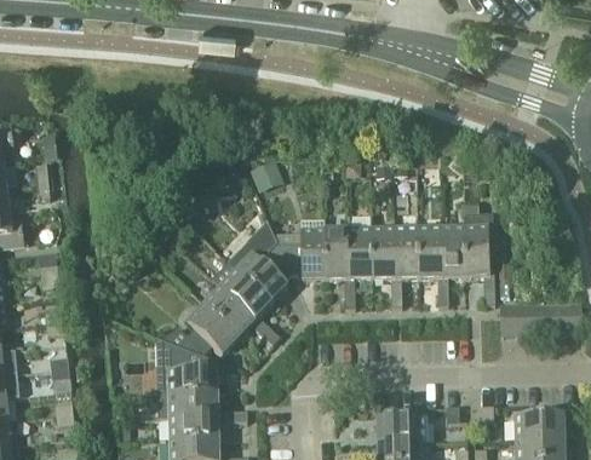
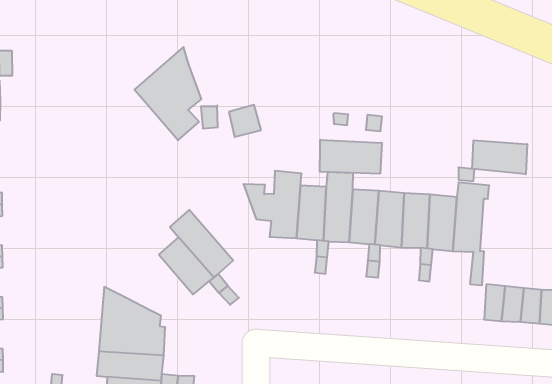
building: none -> [472,140,527,174]
building: none -> [320,140,382,174]
building: [226,223,287,306] -> [134,47,201,140]
building: [157,307,237,358] -> none

